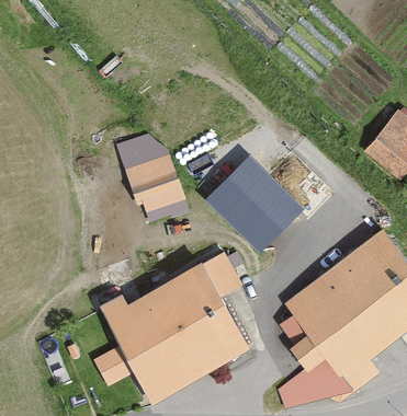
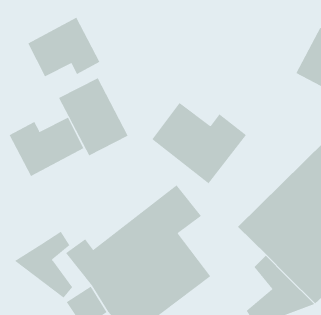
building: none -> [28,17,100,77]
building: none -> [9,117,84,177]
building: none -> [14,231,73,299]

